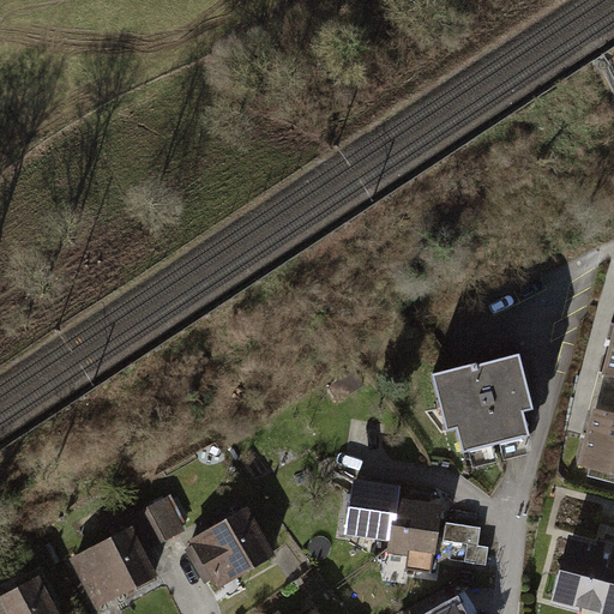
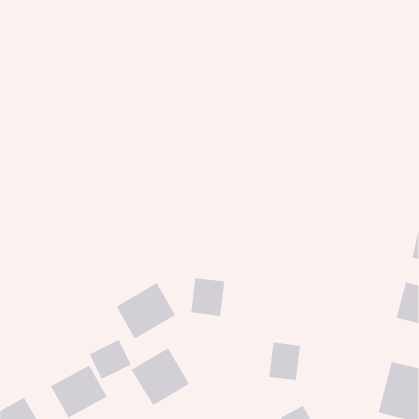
building: [425,341,536,446] -> none
building: none -> [116,282,176,339]
building: [349,482,399,538] -> [190,278,225,316]
building: [445,524,482,555] -> none

